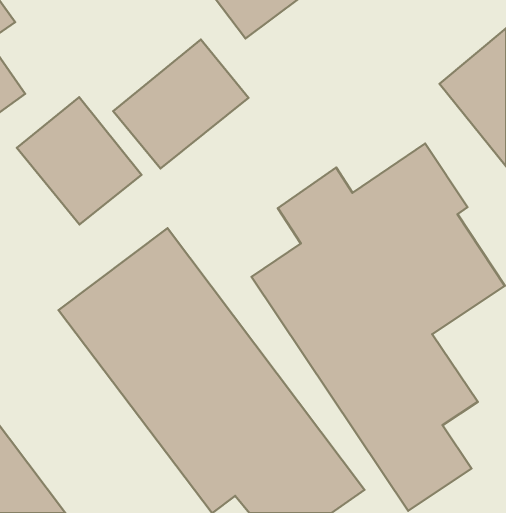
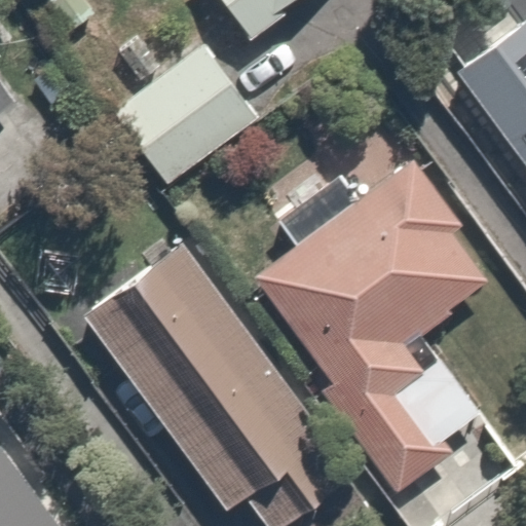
building: [17,97,142,225] -> none

